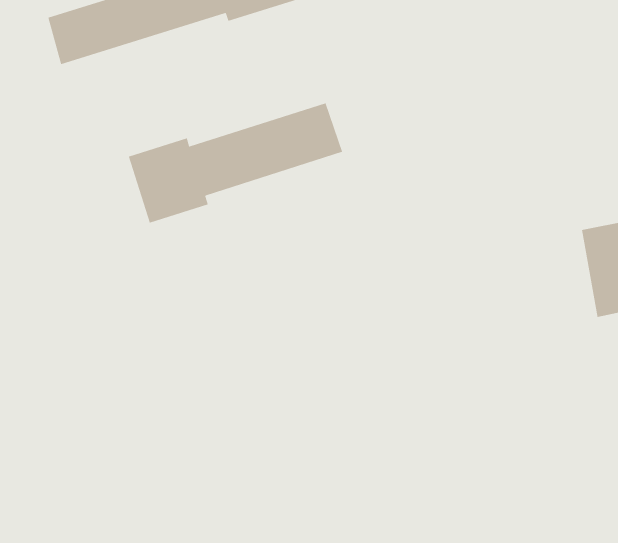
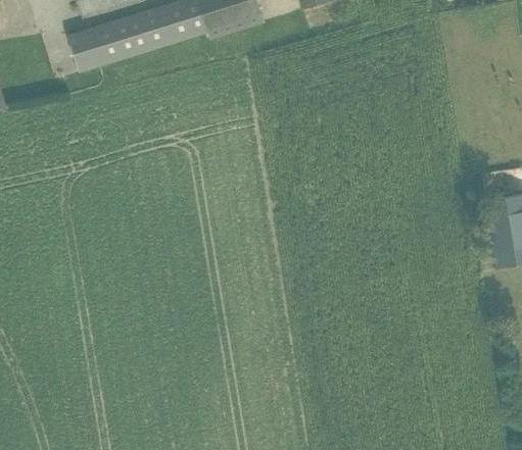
building: [128,103,343,223] -> none

